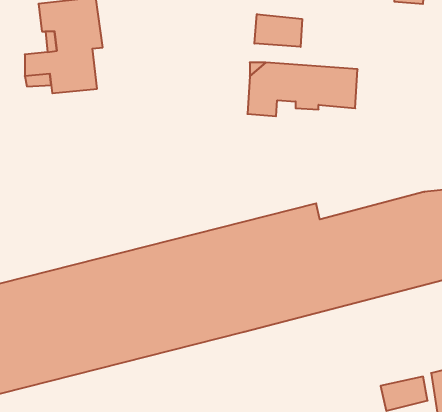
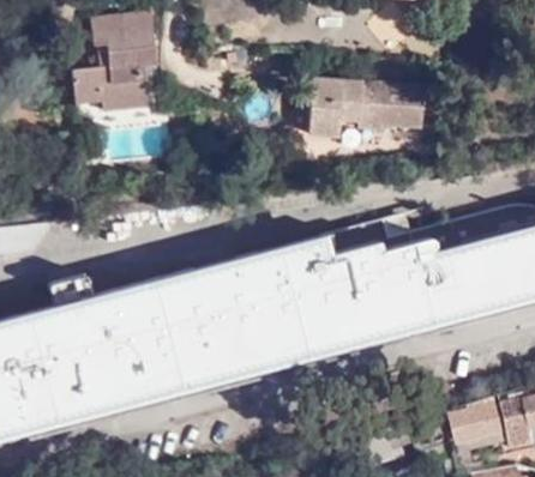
building: [254,14,302,47] -> none

